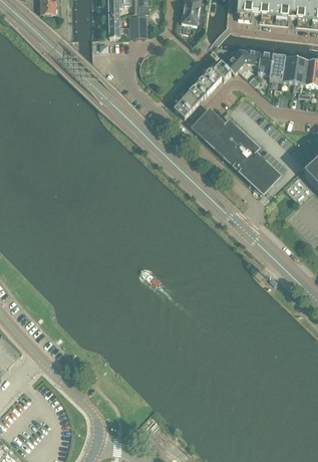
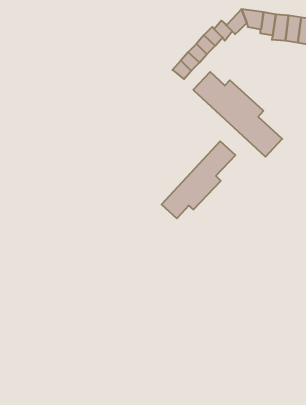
building: none -> [162,141,235,218]

